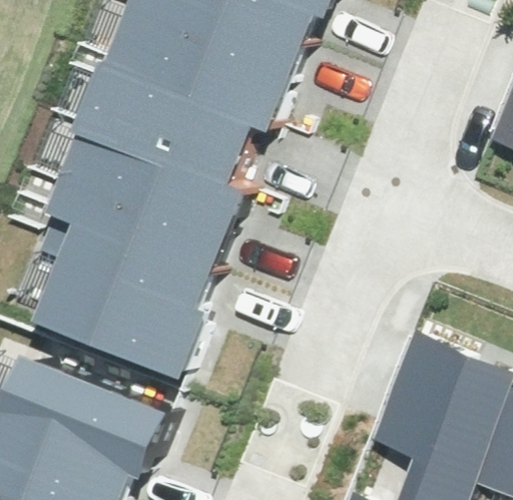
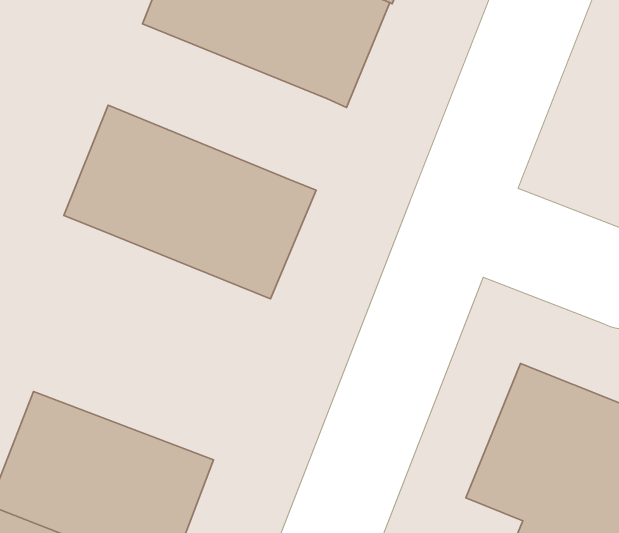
building: [87,62,261,186] -> none
building: [44,224,215,366] -> none

